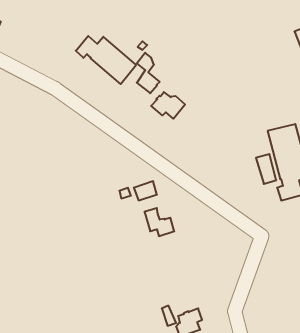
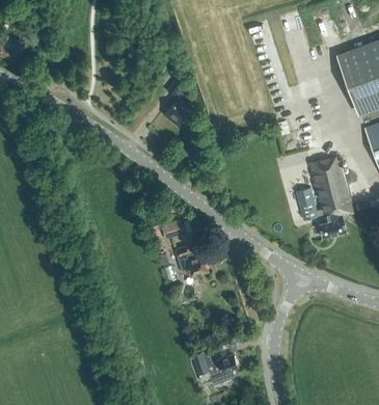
building: [76,36,136,84] -> none
building: [151,92,185,119] -> none

